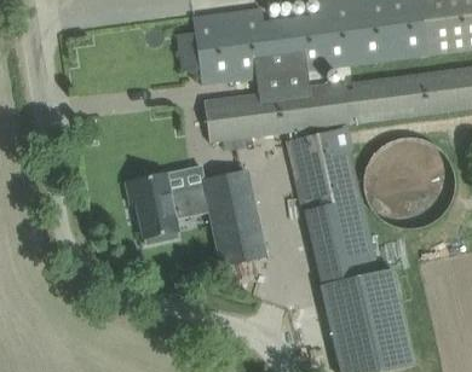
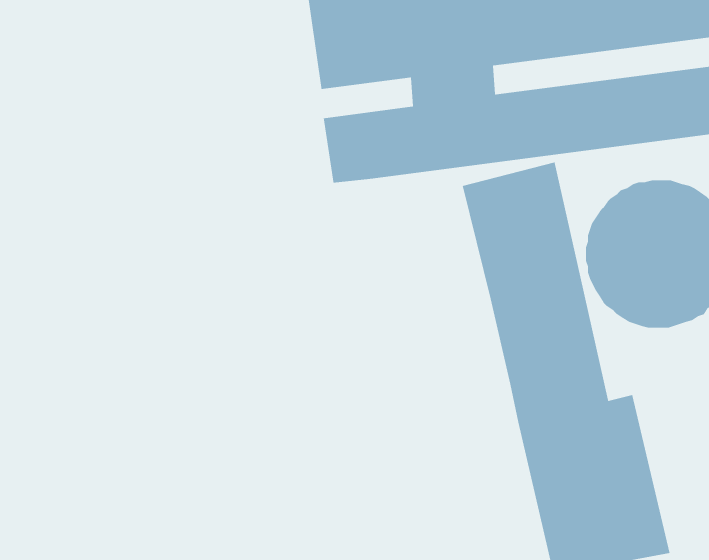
building: [125,170,264,265] -> none

